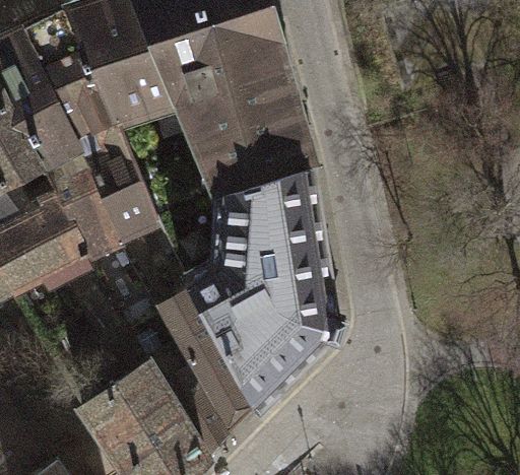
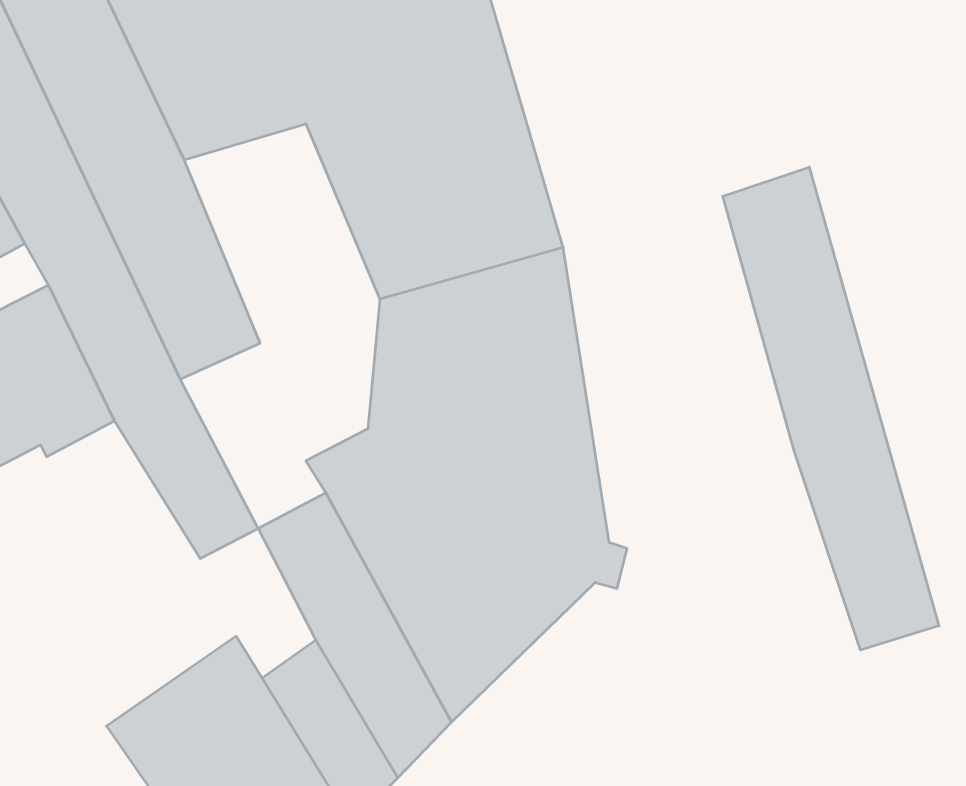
building: none -> [723,167,939,650]

